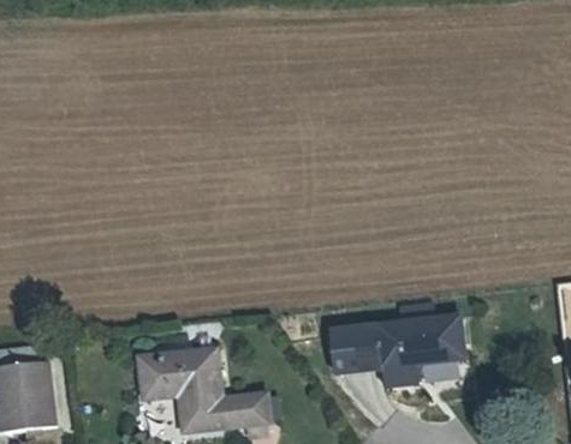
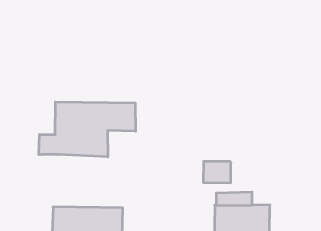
building: none -> [39,102,136,157]
building: [335,326,380,362] -> [203,161,231,183]

